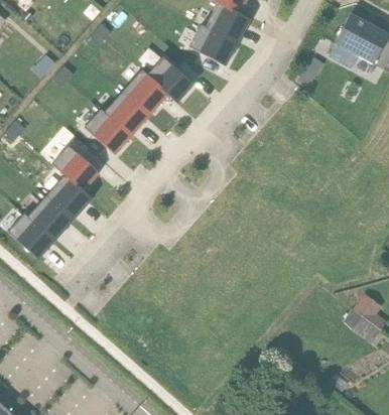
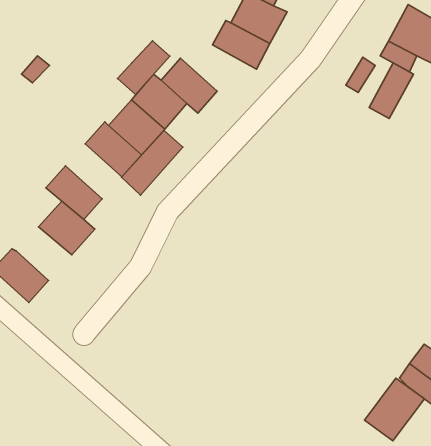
building: none -> [117,41,170,95]
building: none -> [369,63,413,119]
building: none -> [121,130,183,195]
building: [28,196,74,241] -> none
building: none -> [364,378,424,441]

